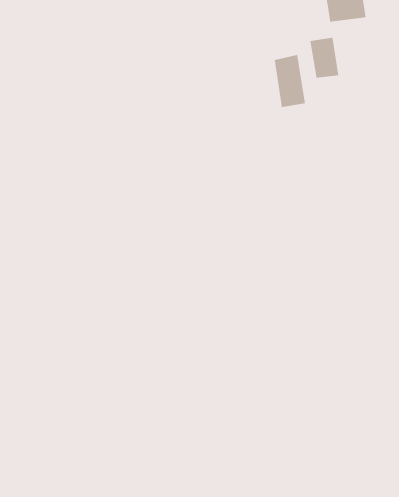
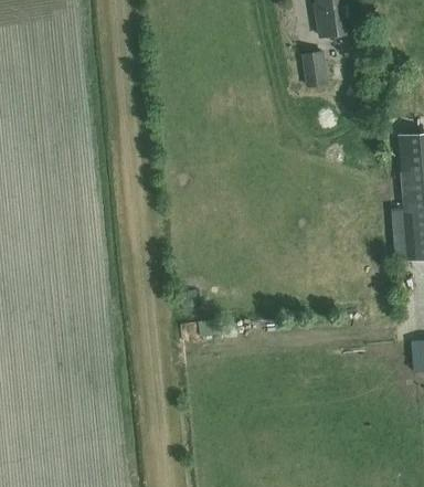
building: [274,54,306,108] -> none

